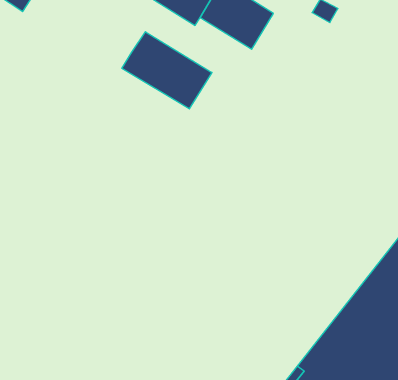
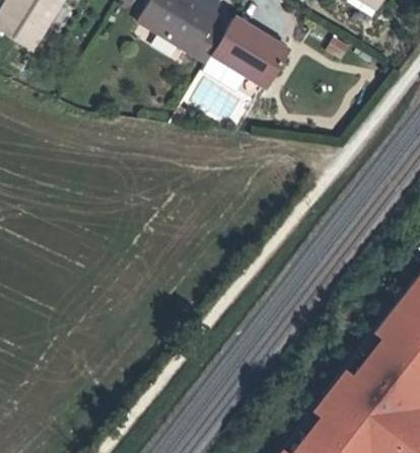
building: [122,32,212,109] -> none

